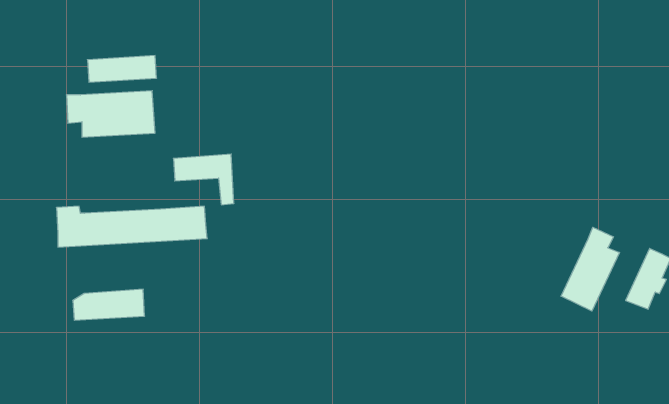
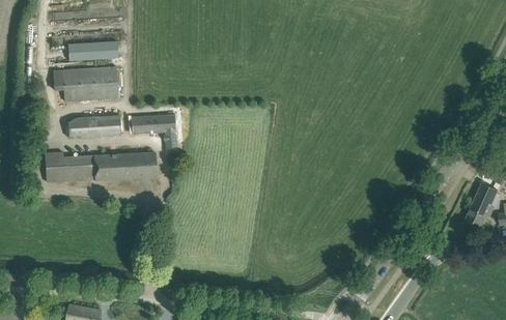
building: [561,227,619,311] -> none
building: [73,289,145,320] -> [68,115,121,138]

